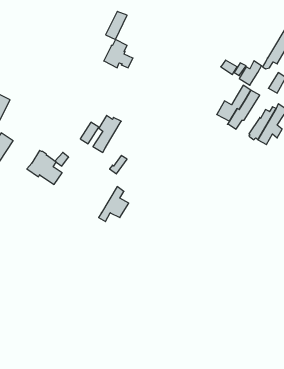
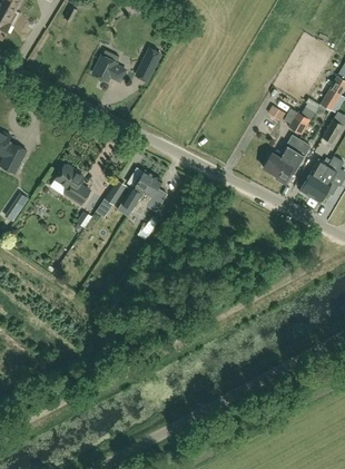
building: [104,40,133,68] -> [92,49,126,81]
building: [27,150,62,184] -> [50,165,90,204]
building: [99,187,129,222] -> [132,175,167,215]

